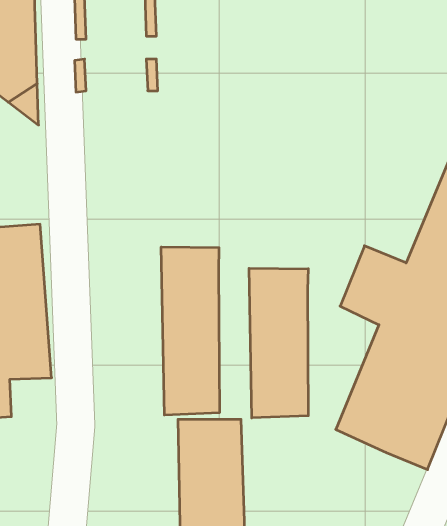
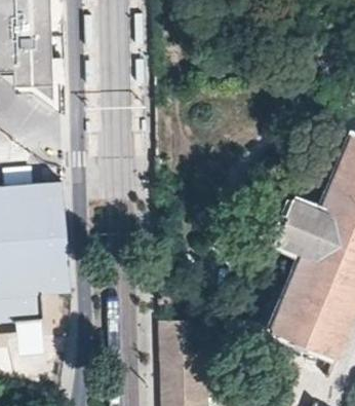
building: [161,247,219,415] -> none
building: [249,268,308,418] -> none

